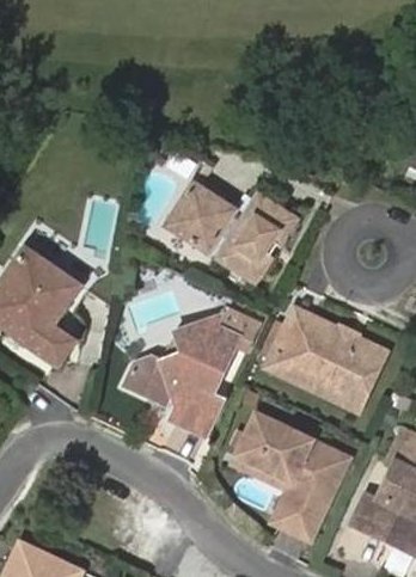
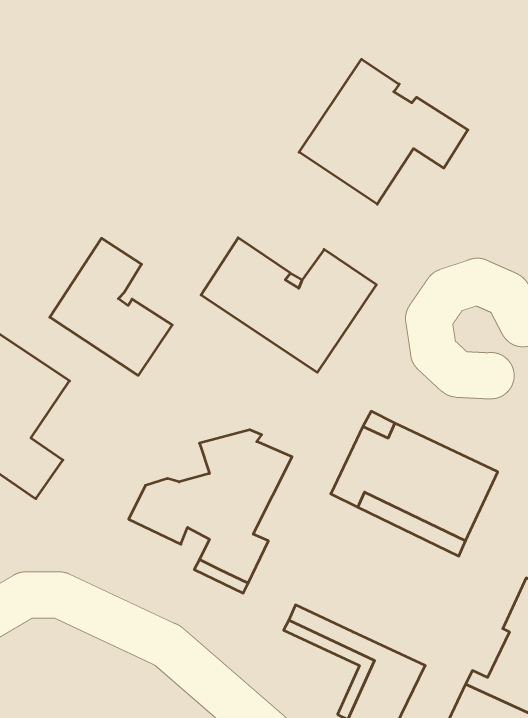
building: none -> [299,59,468,204]
building: none -> [50,238,172,375]
building: [244,415,349,487] -> none

